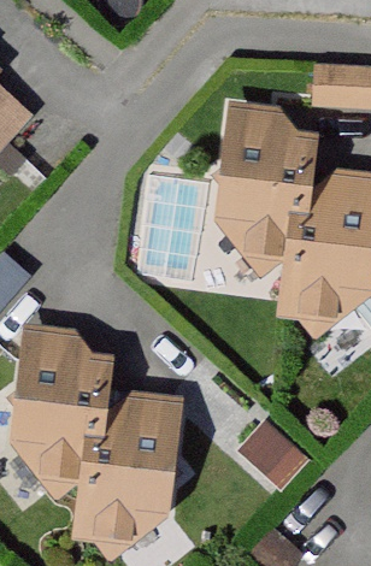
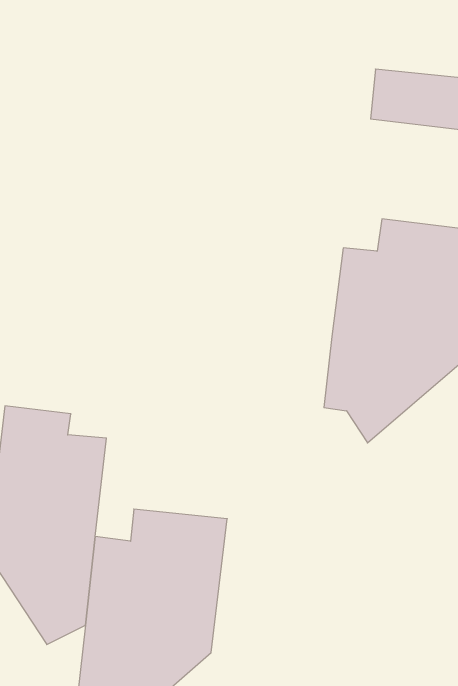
building: [204,107,293,285] -> none

